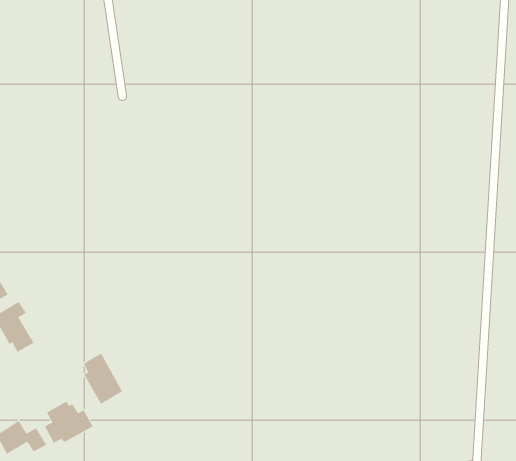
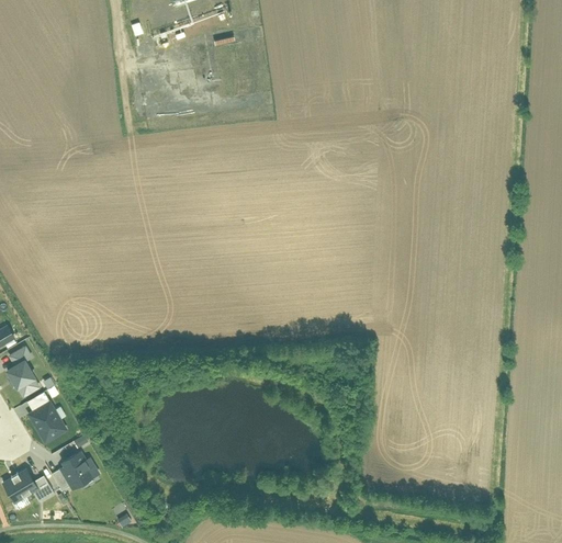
building: [83,353,123,404] -> [26,392,67,444]

